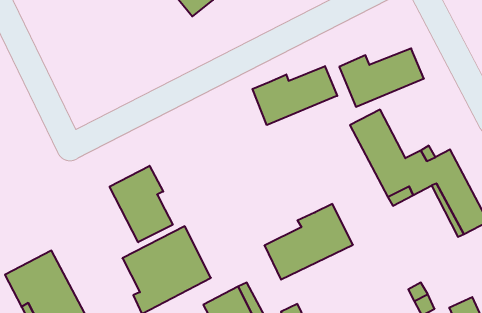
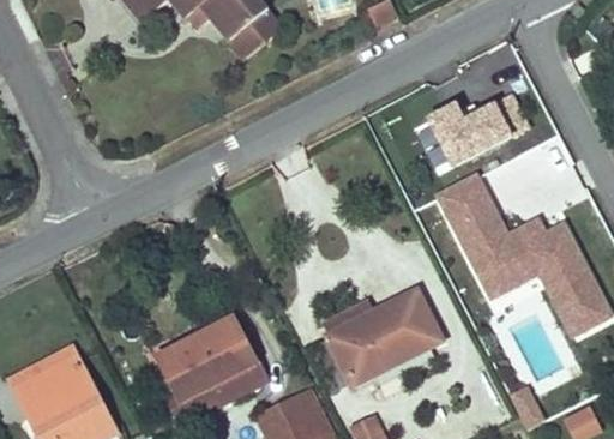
building: [252,66,337,125] -> none
building: [110,166,173,242] -> none
building: none -> [323,297,378,342]

